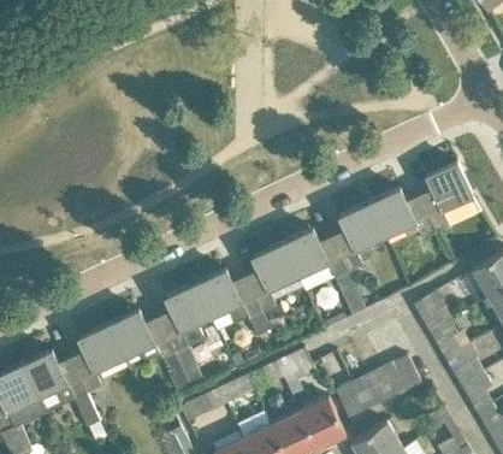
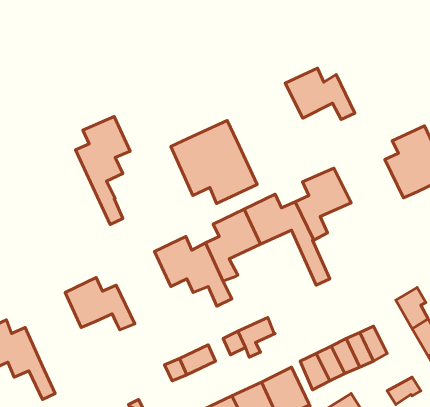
building: none -> [171,121,257,203]
building: [369,189,437,238] -> [285,68,355,119]
building: [159,284,212,389] -> [75,116,130,225]
building: [414,293,452,331] -> none
building: [71,324,125,395] -> none

